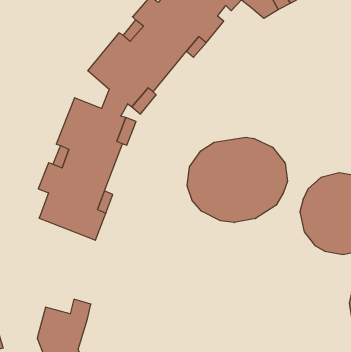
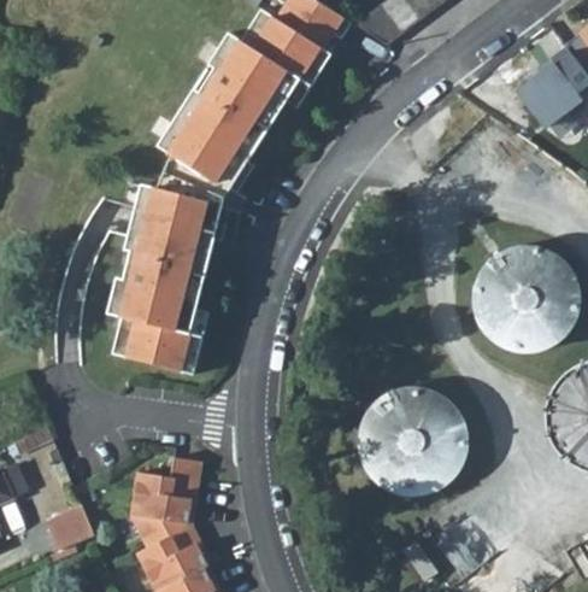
building: [187,137,287,223] -> none
building: none -> [354,383,464,493]

